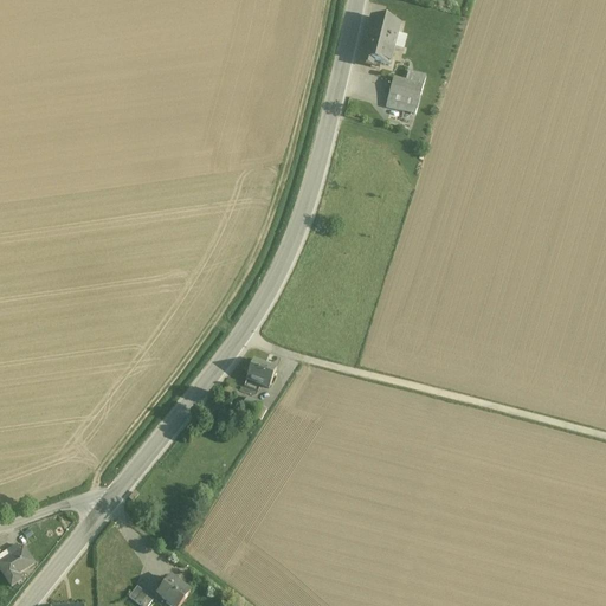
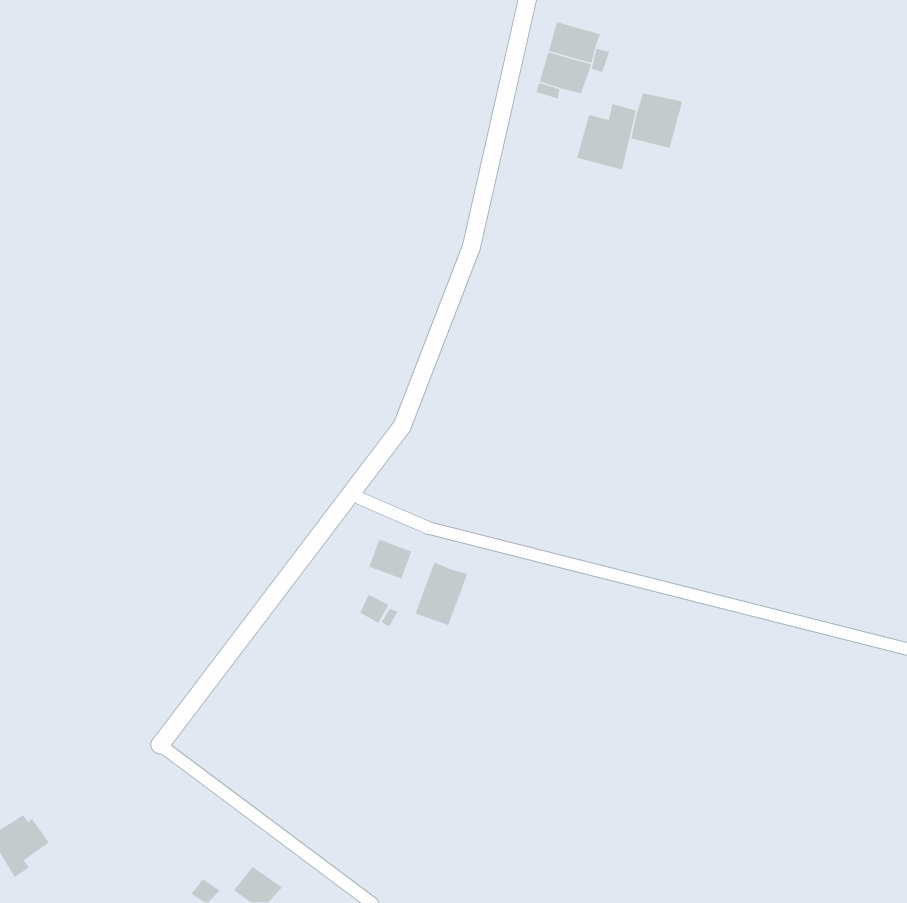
building: none -> [631,93,683,149]
building: none -> [415,561,468,626]

